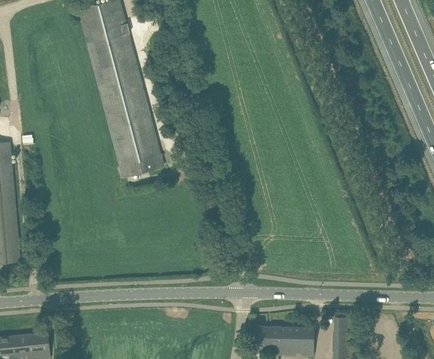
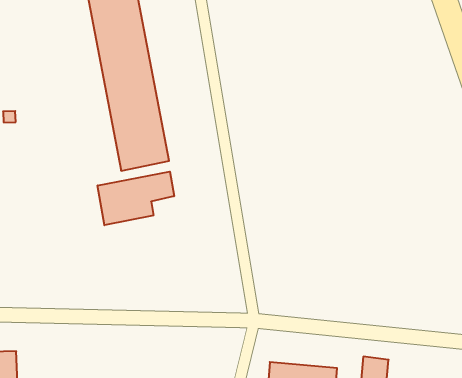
building: none -> [98,172,174,225]

